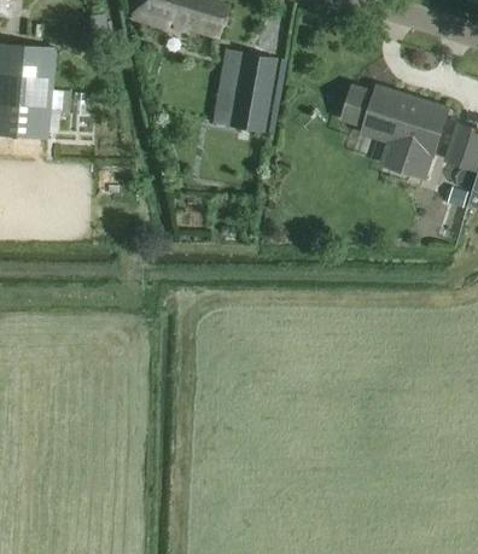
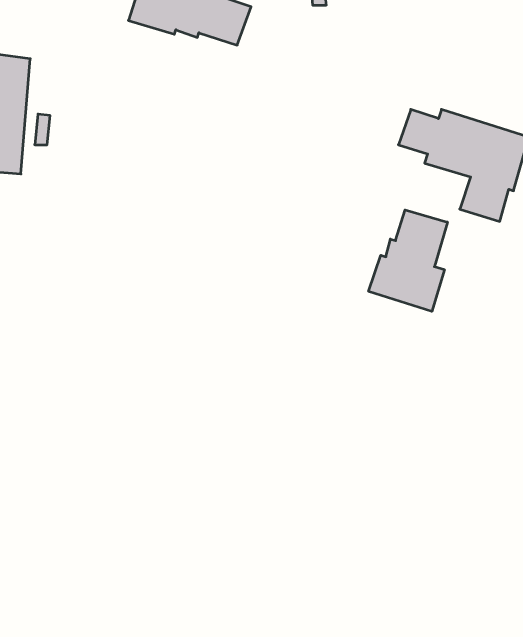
building: [226,51,274,132] -> none
building: none -> [369,210,447,311]

